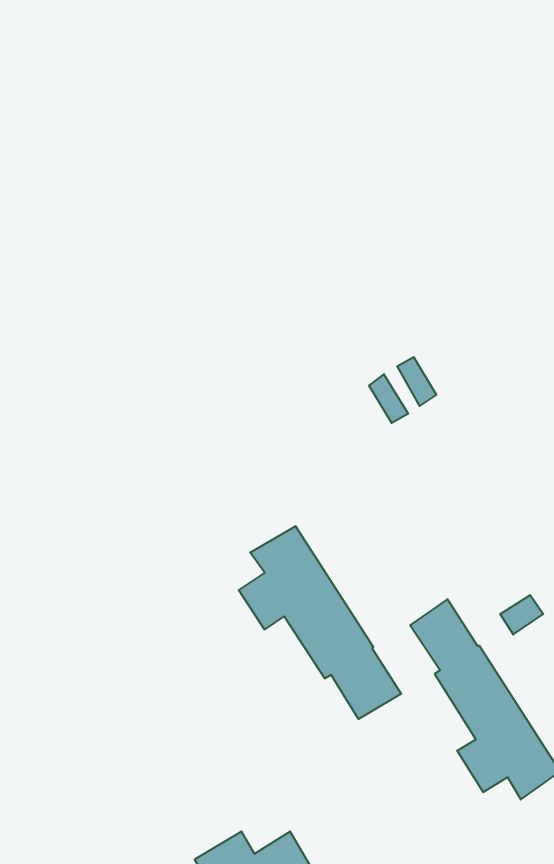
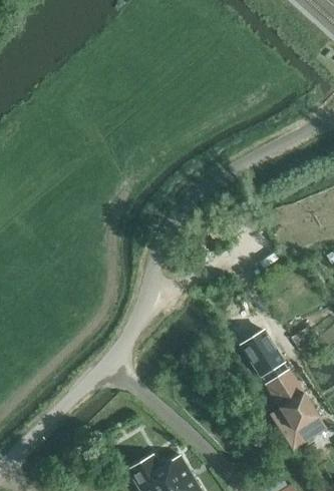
building: [239,526,401,719] -> none

